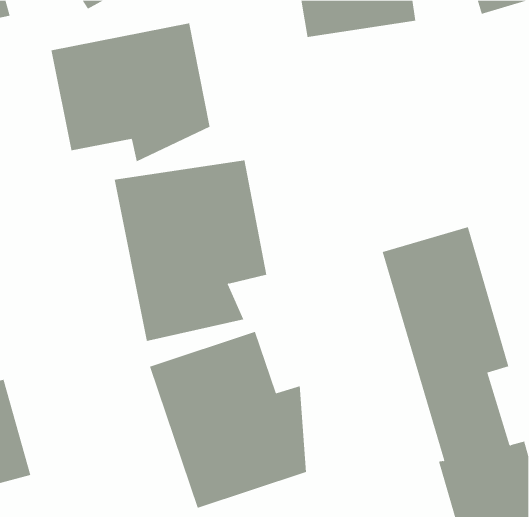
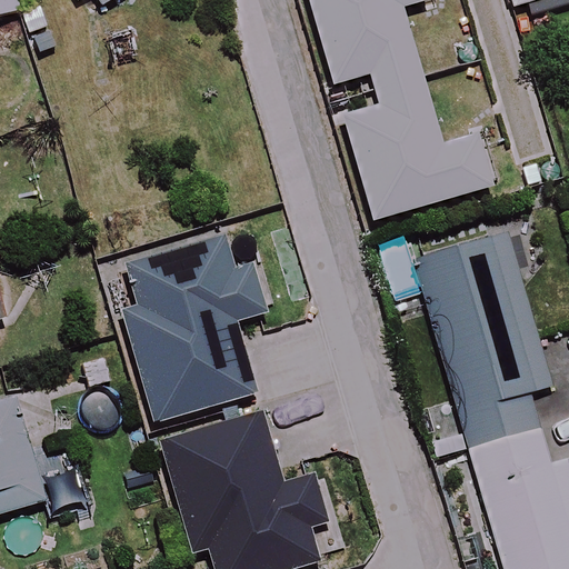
building: [51,23,210,162] -> none
building: none -> [350,53,496,184]

